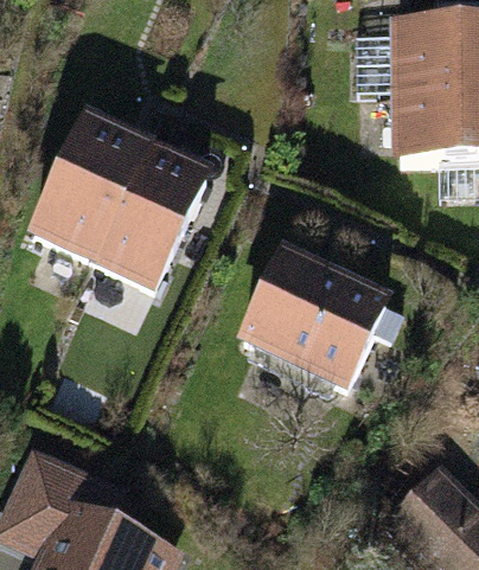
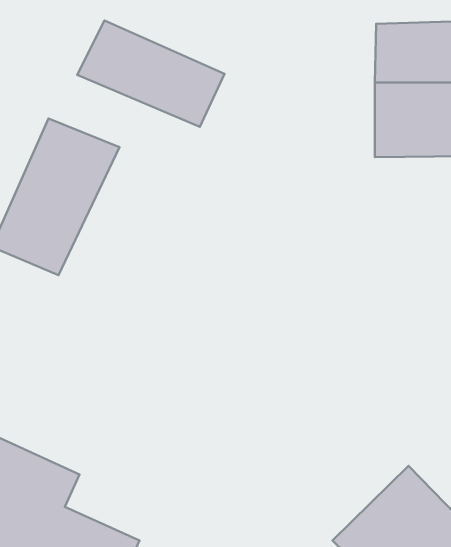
building: none -> [77,20,225,127]
building: [101,146,212,297] -> none
building: [240,246,385,390] -> none

